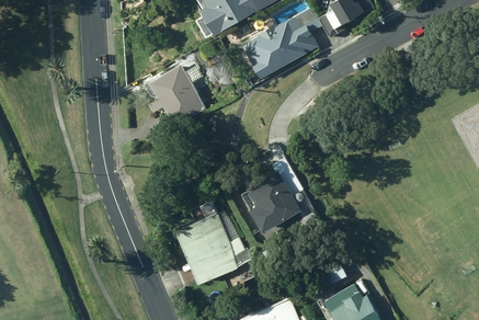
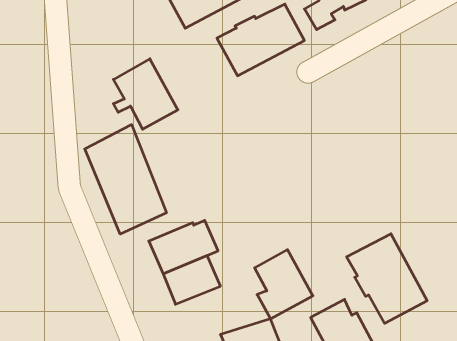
building: none -> [85,125,166,234]
building: [247,165,299,228] -> [255,250,313,319]
building: none -> [347,234,427,323]

